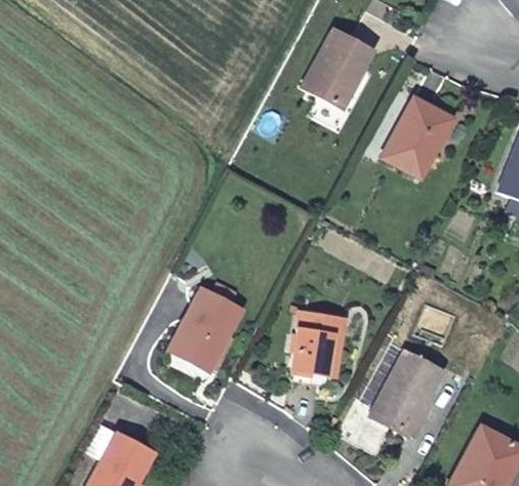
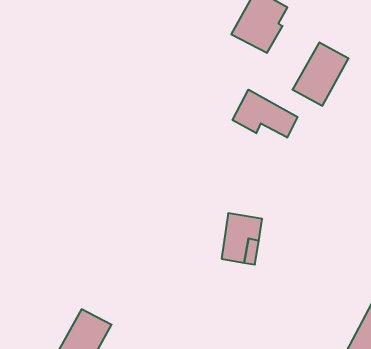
building: none -> [233,90,298,138]
building: [170,287,244,368] -> none
building: [370,348,443,433] -> none

